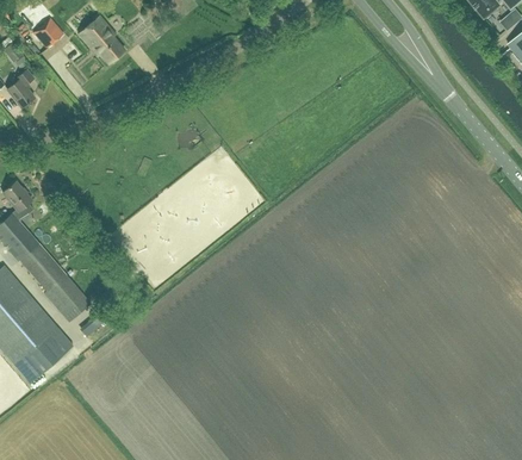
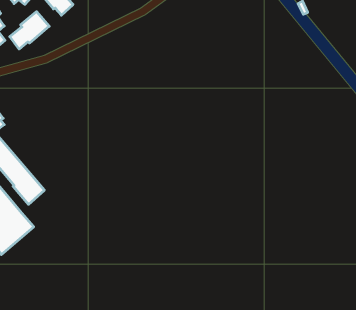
building: none -> [10,12,49,49]

